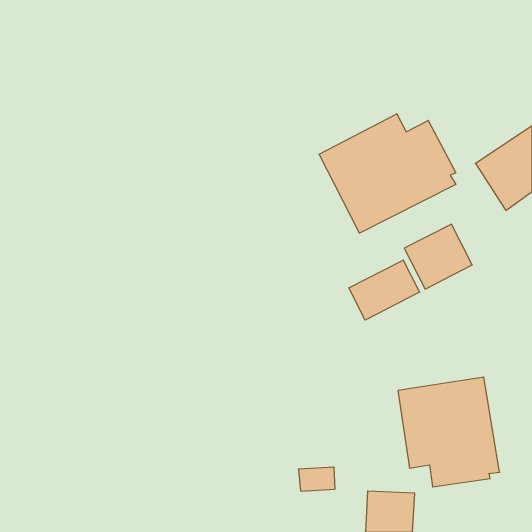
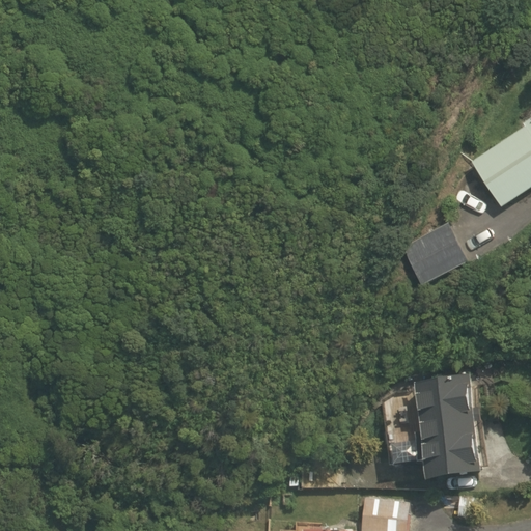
building: [319,114,456,233] -> none
building: [349,260,420,320] -> none

